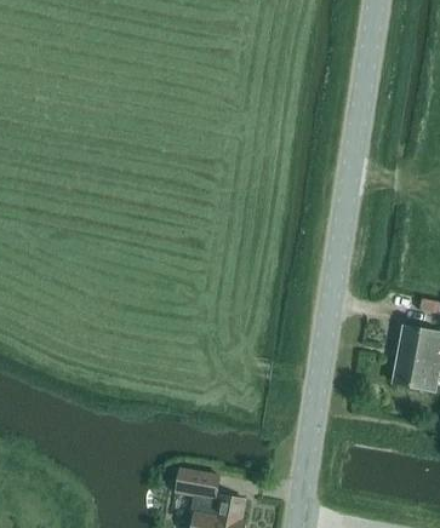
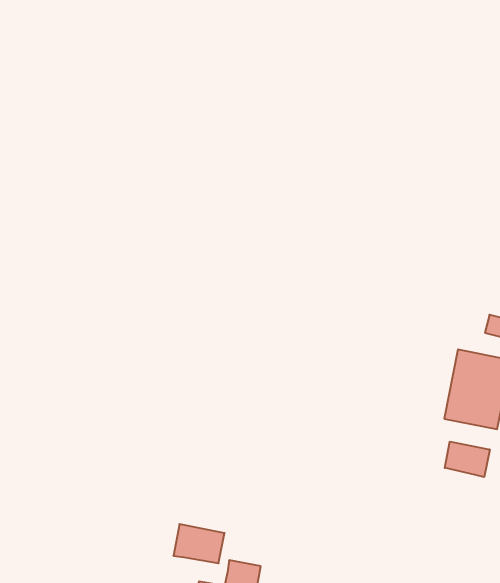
building: none -> [445,442,490,477]

